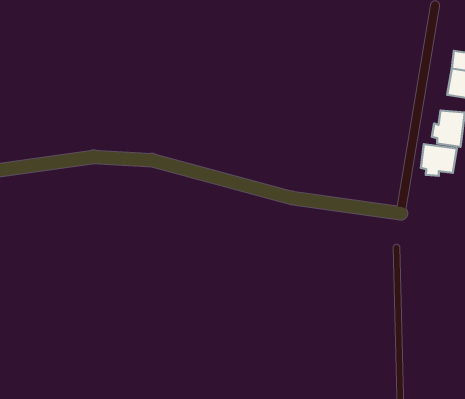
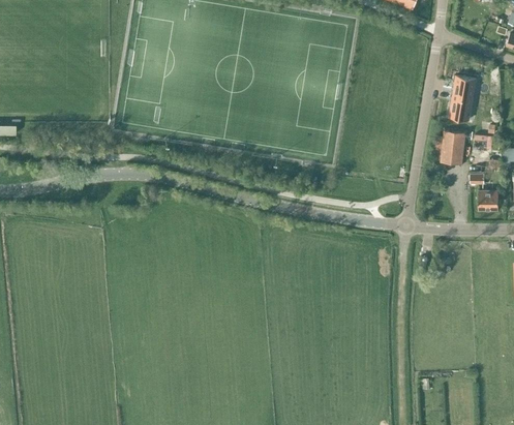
building: [421,144,457,176] -> none

